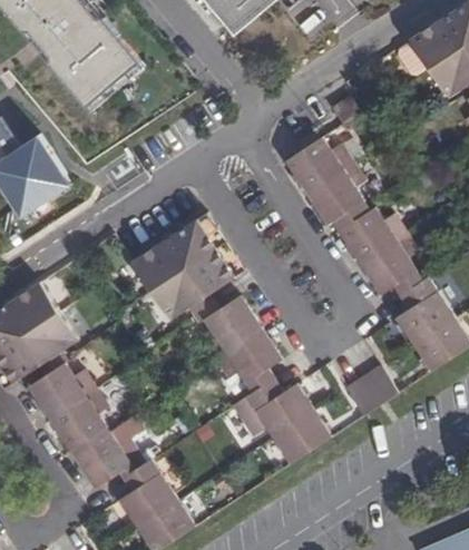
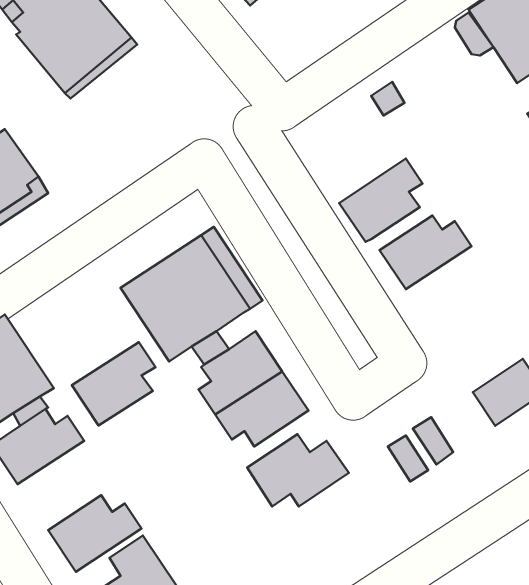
building: [284,132,359,193] -> none
building: [359,227,424,294] -> none
building: [394,277,452,344] -> none
building: [48,383,115,450] -> [72,342,155,426]
building: [273,409,331,462] -> none

